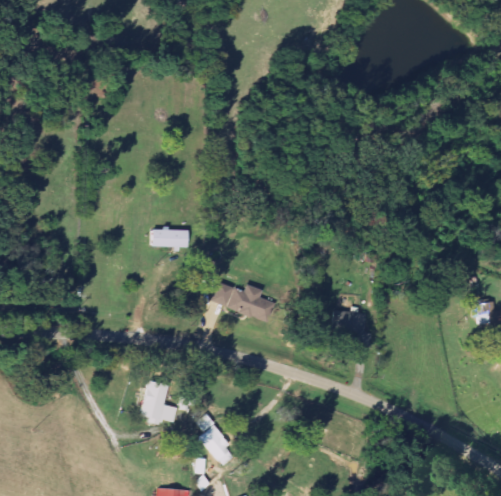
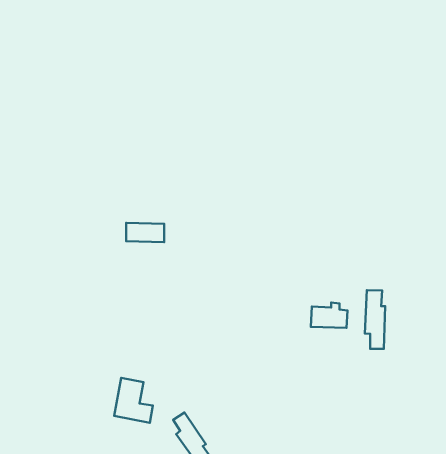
building: [210,281,273,321] -> none
building: none -> [365,290,385,349]

